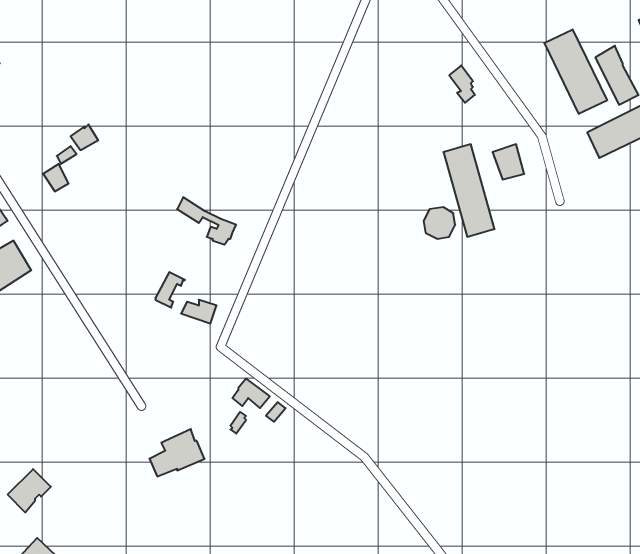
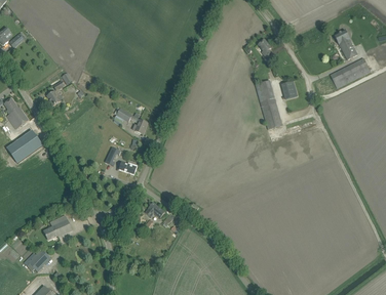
building: [544,29,607,114] -> none
building: [149,429,205,476] -> [43,215,72,240]

